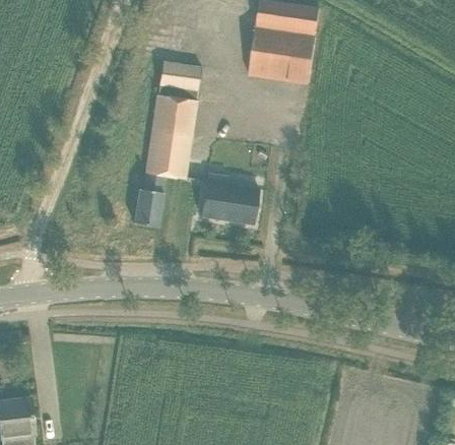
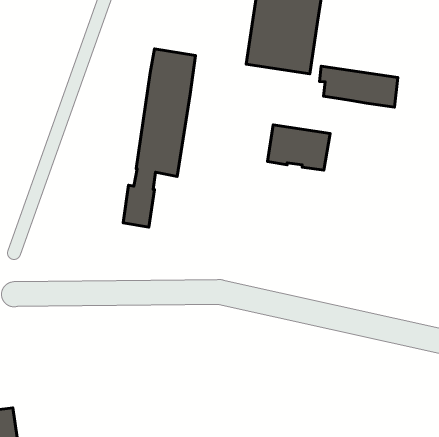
building: none -> [320,66,398,107]
building: [200,181,259,224] -> [268,125,330,170]

